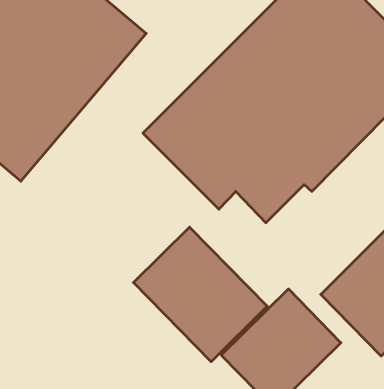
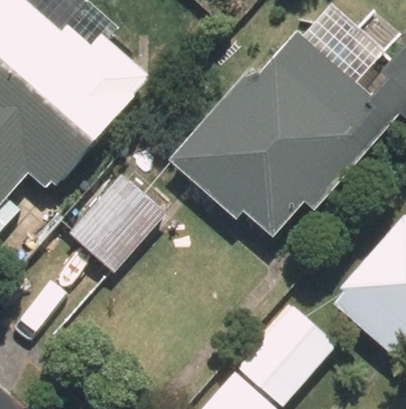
building: none -> [63,165,167,273]
building: [133,227,267,362] -> none

